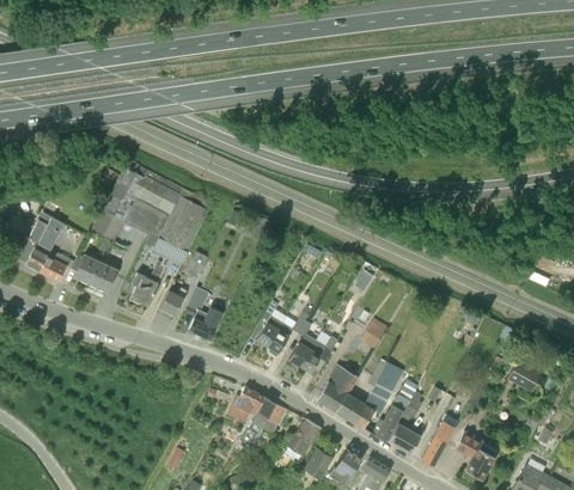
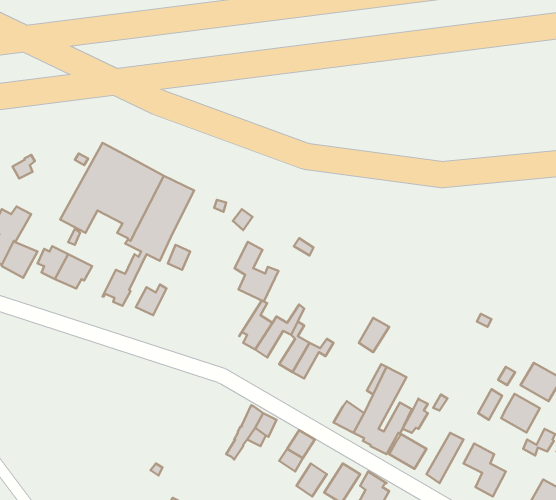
building: [184,287,224,341] -> [235,242,278,301]
building: [317,366,358,412] -> none
building: none -> [501,394,540,432]
building: [226,387,263,422] -> none

